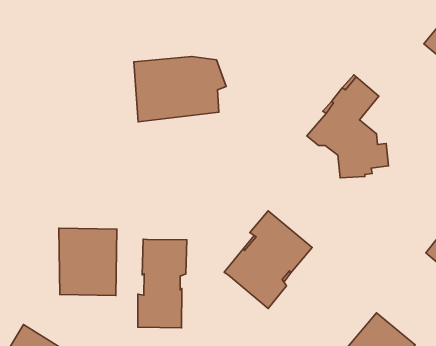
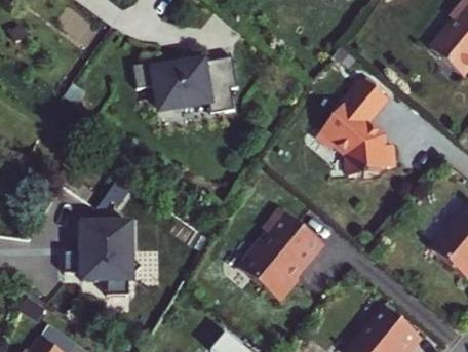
building: [138,239,187,328] -> none

